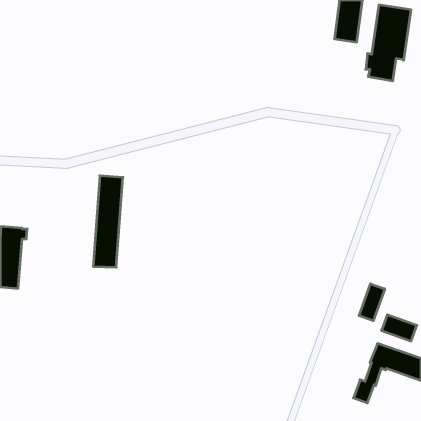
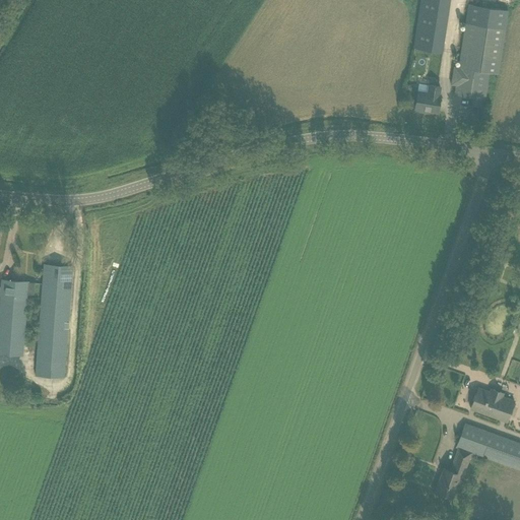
building: none -> [414,83,441,112]
building: [93,176,123,267] -> [36,264,72,377]
building: [359,284,385,321] -> none

